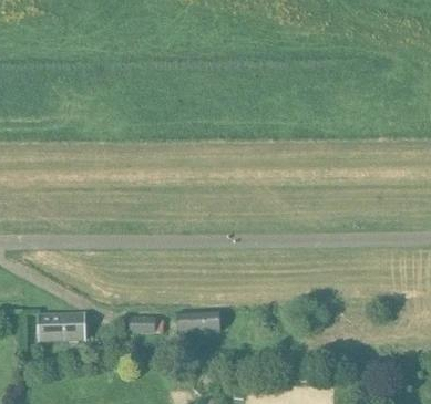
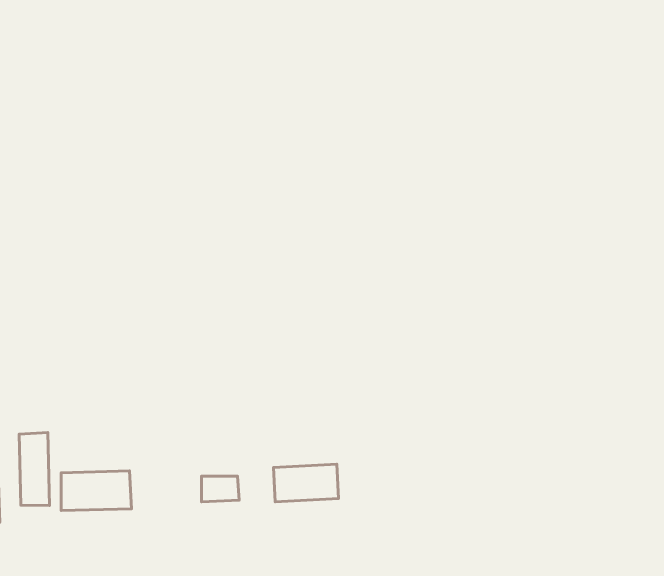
building: none -> [19,433,50,505]

